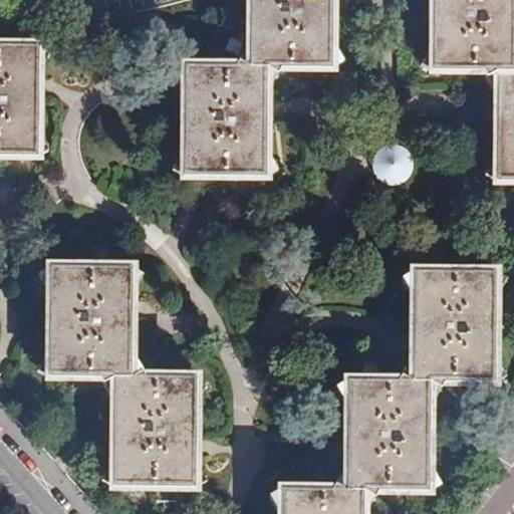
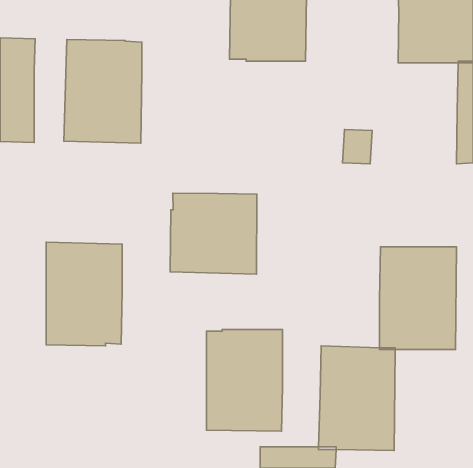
building: [183,63,267,176] -> [64,39,142,143]
building: none -> [170,193,257,274]
building: [114,373,197,484] -> [207,329,282,431]

